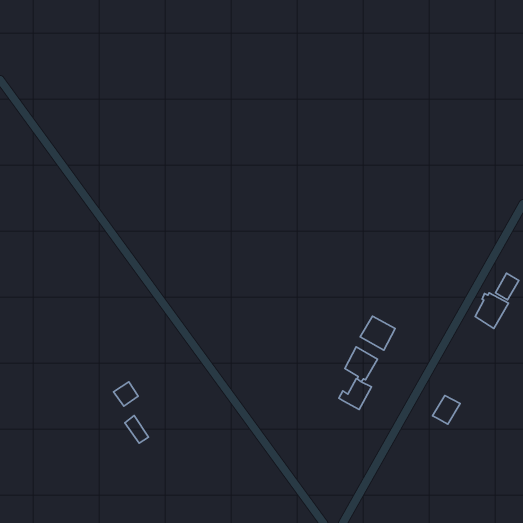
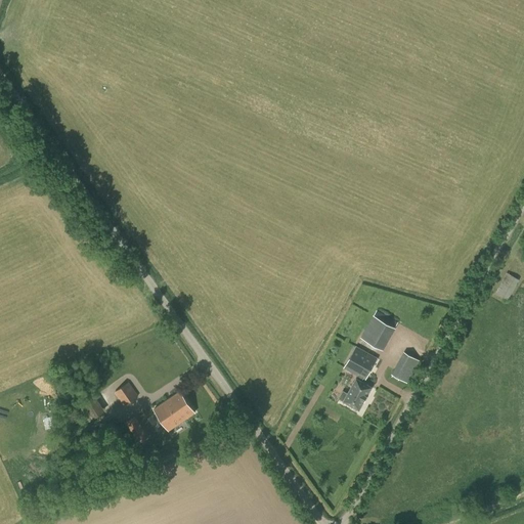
building: [475,293,508,328] -> none
building: none -> [155,392,194,431]
building: [433,395,460,424] -> [391,354,419,383]

